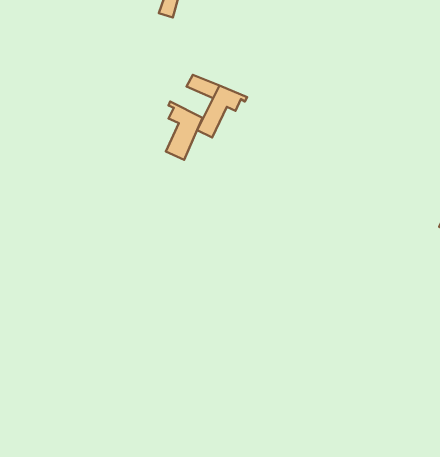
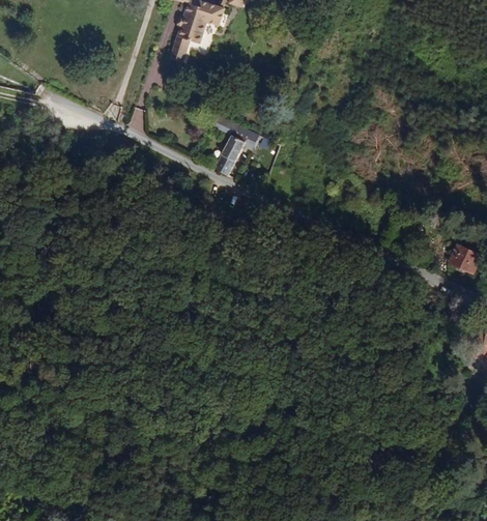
building: [166,102,203,160] -> none

